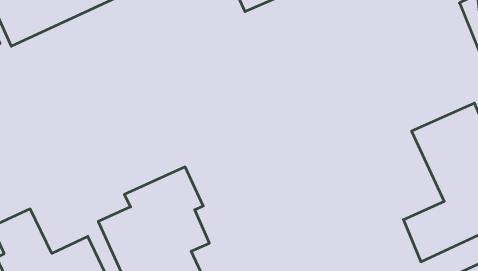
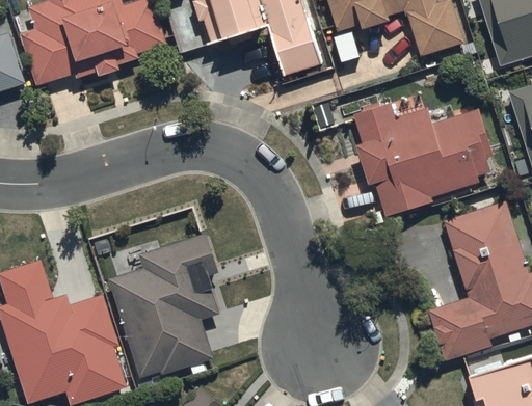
building: none -> [354,105,499,214]

